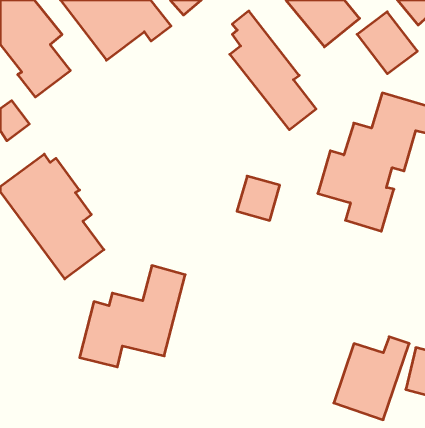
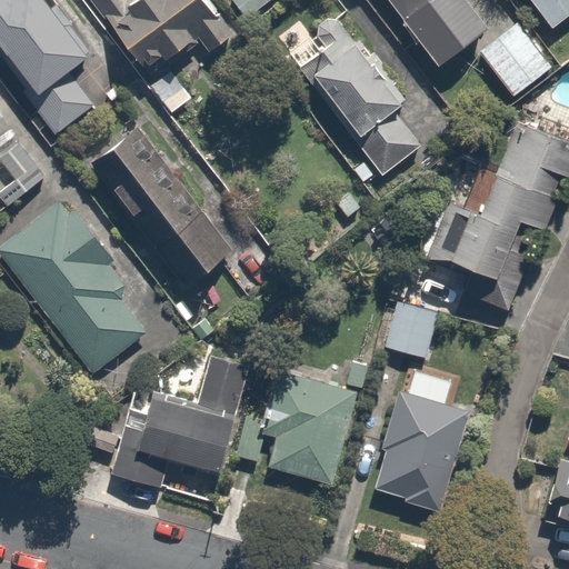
building: none -> [80,124,231,295]
building: [237,176,280,220] -> [383,296,440,355]
building: none -> [257,369,357,487]
building: [334,337,409,420] -> [370,400,470,510]

